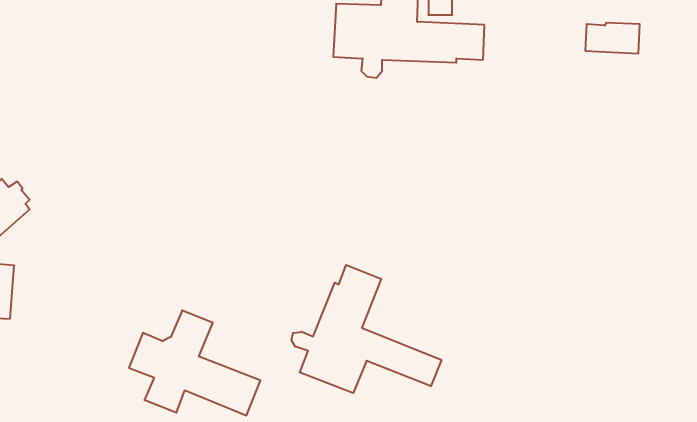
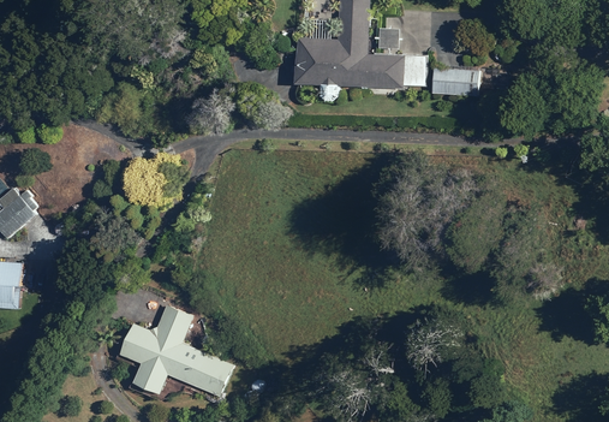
building: [585,23,640,54] -> [431,70,478,96]
building: [291,265,441,393] -> none

